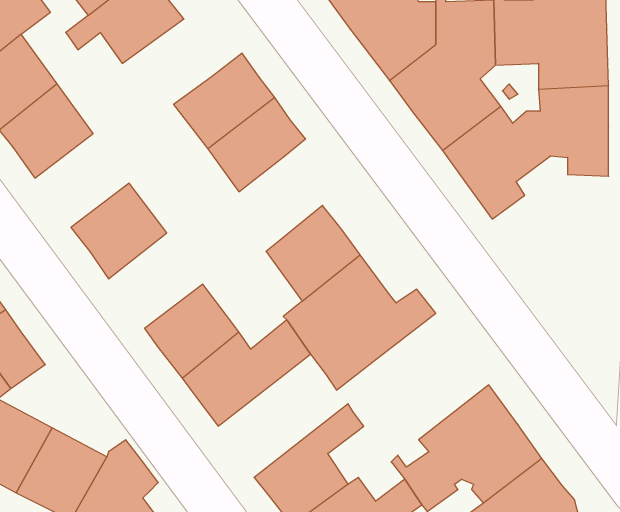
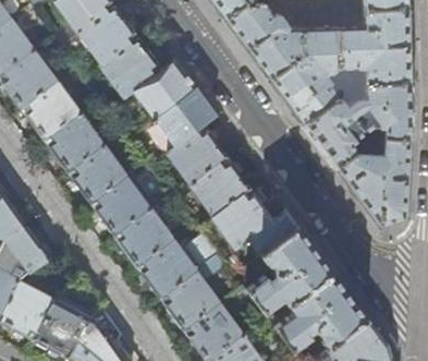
building: none -> [100,39,158,100]
building: none -> [45,112,105,172]
building: none -> [167,127,228,188]
building: none -> [335,139,409,225]
building: none -> [91,176,151,237]
building: none -> [247,227,333,322]
building: none -> [160,253,230,340]

